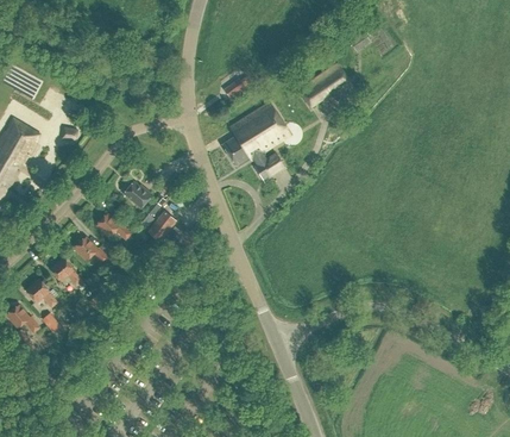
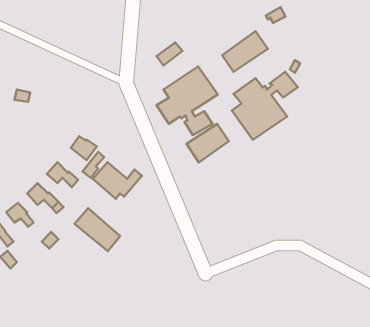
building: none -> [232,72,298,140]
building: none -> [186,124,229,163]
building: none -> [74,208,120,251]

